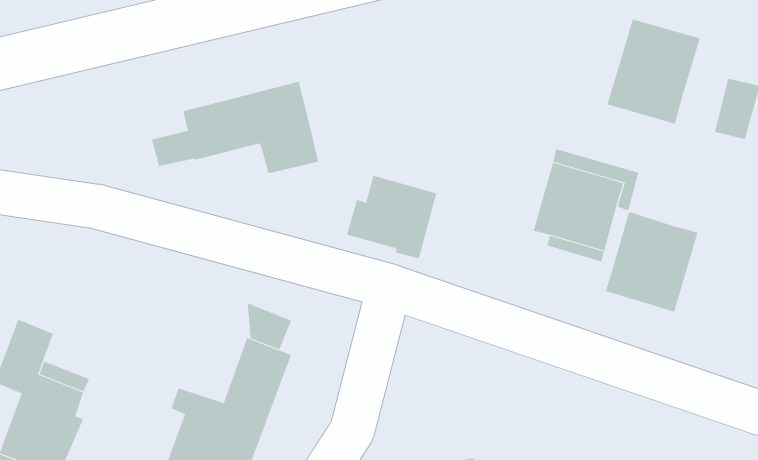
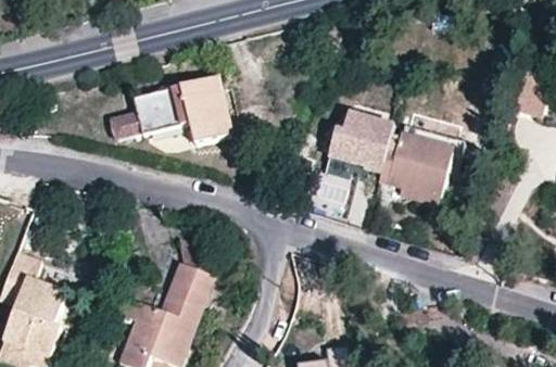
building: [607,18,701,124] -> none
building: [346,175,437,259] -> [328,112,394,173]
building: [605,211,698,313] -> none

